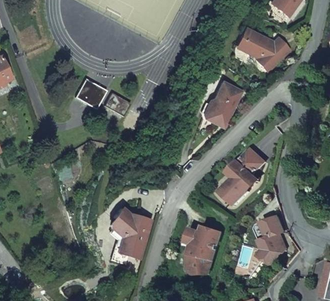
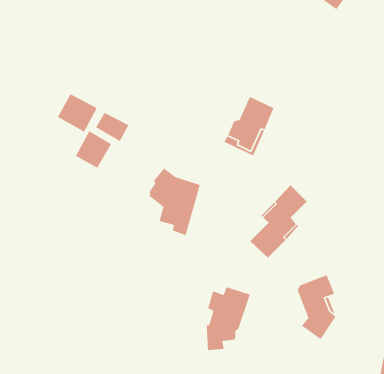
building: [238,28,290,70] -> none
building: none -> [75,130,112,169]
building: [111,206,150,258] -> [149,167,201,236]

